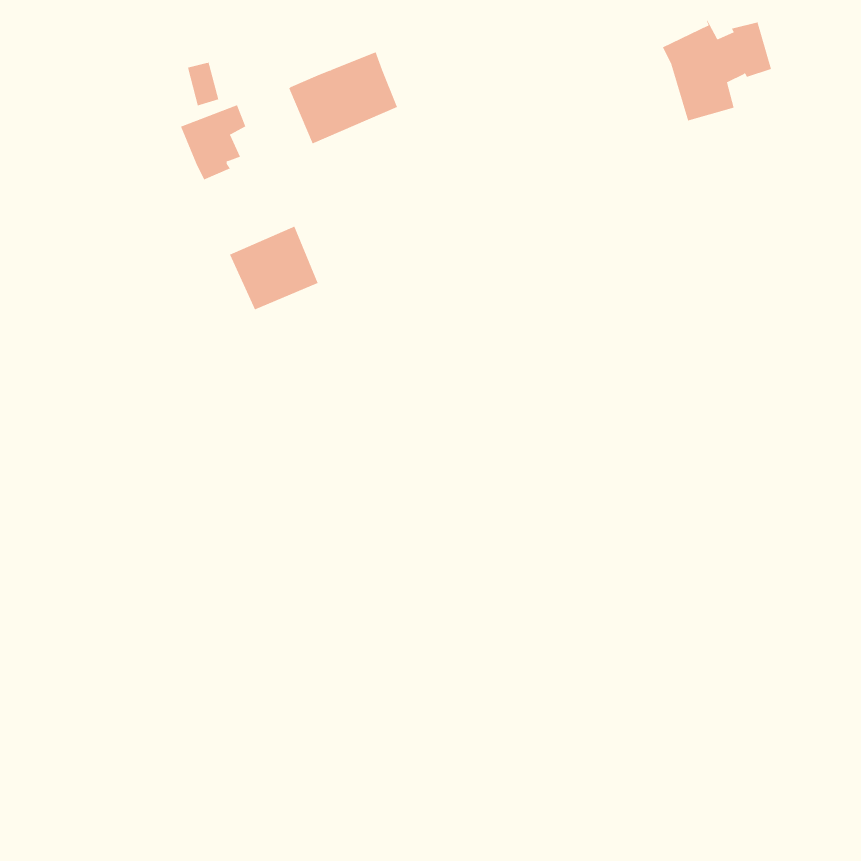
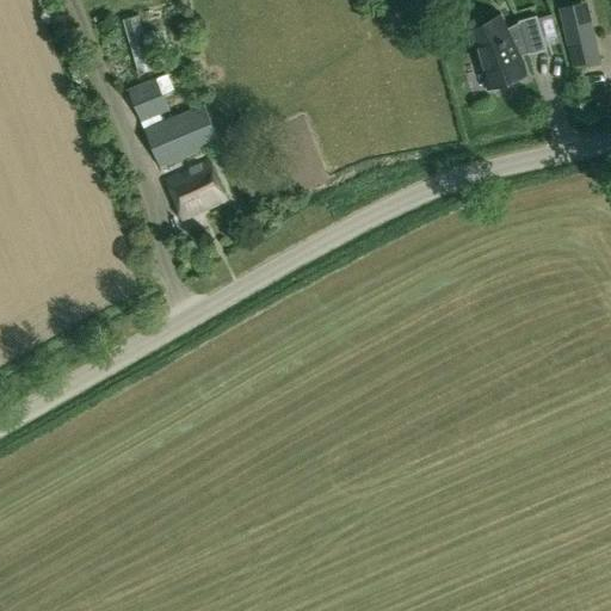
building: none -> [561,12,599,68]
building: [288,51,398,144] -> [143,103,221,168]

